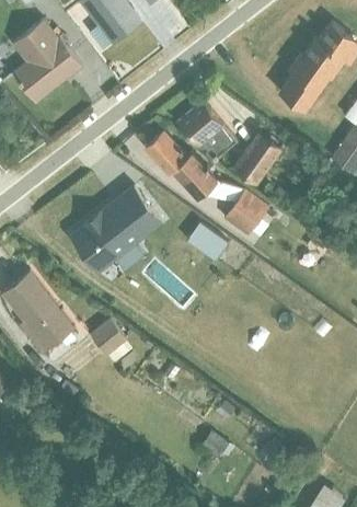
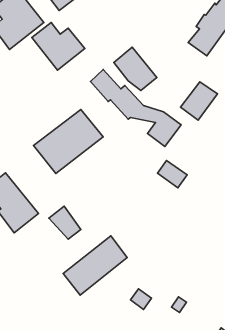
building: none -> [32,23,85,70]
building: [232,132,283,185] -> [181,82,218,120]
building: [187,223,228,261] -> [158,161,187,188]
building: none -> [63,236,127,295]

